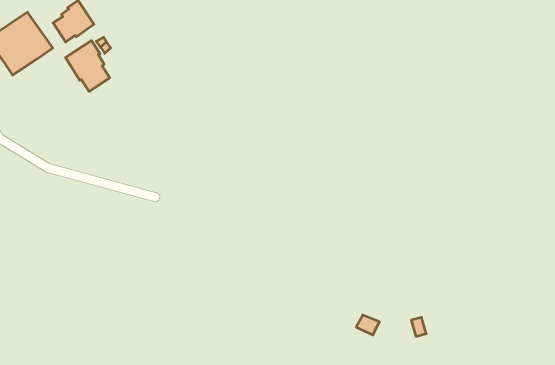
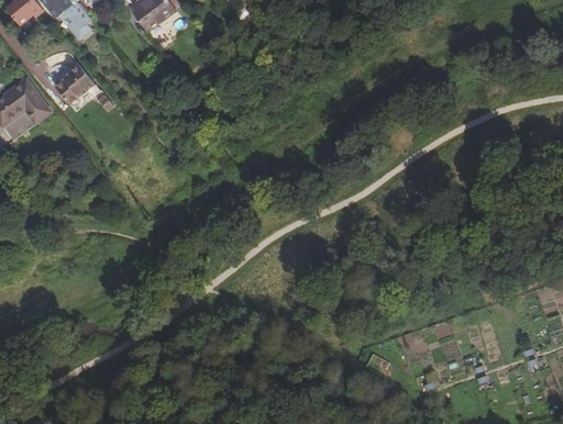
building: [66,41,110,91] -> none

